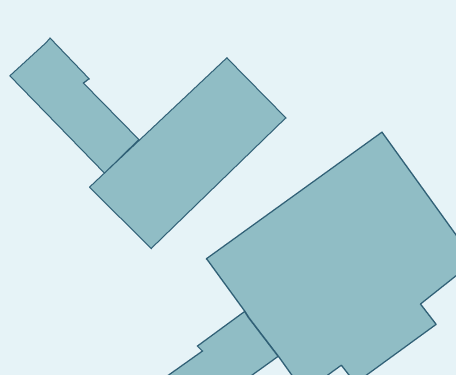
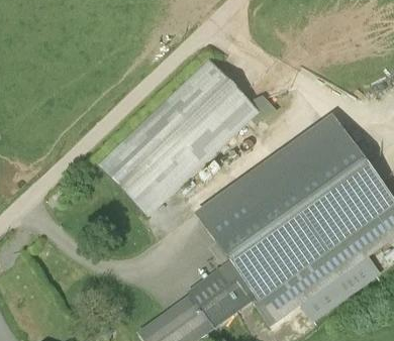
building: [10,38,139,173] -> none

